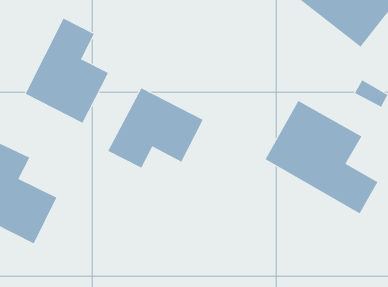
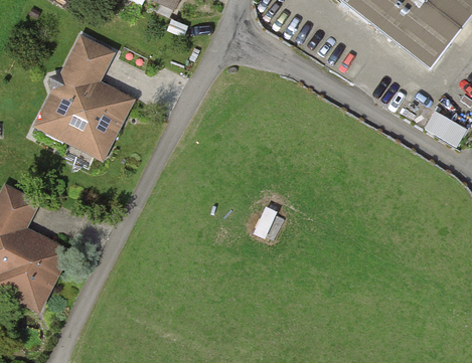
building: [107,88,204,168] -> none
building: [265,100,378,214] -> none

